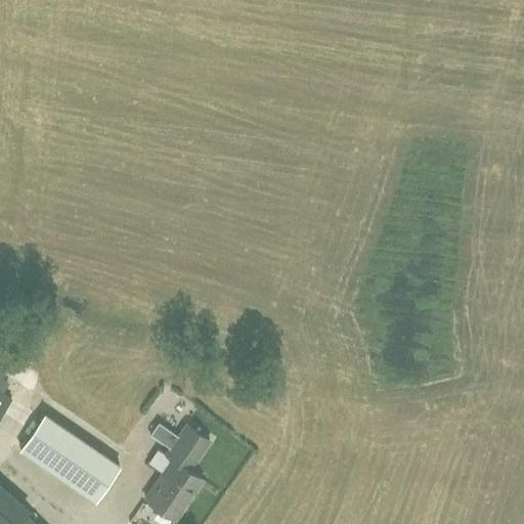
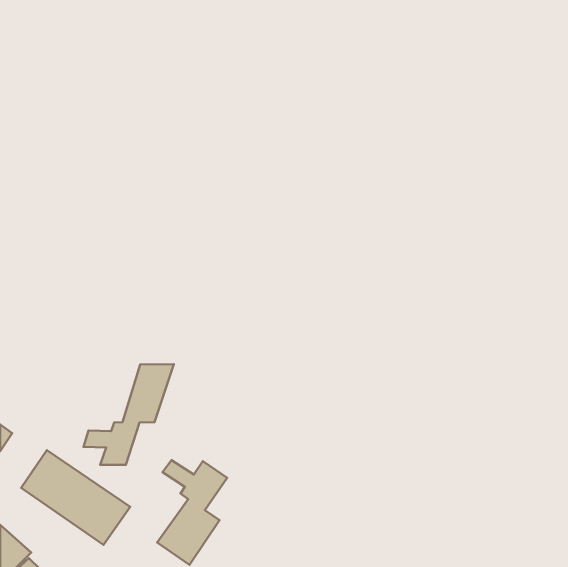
building: none -> [84,364,174,465]

